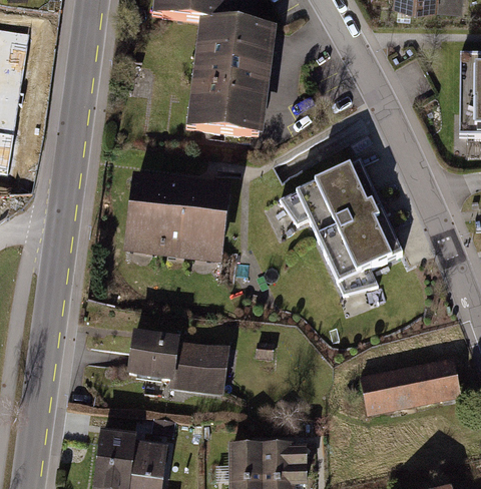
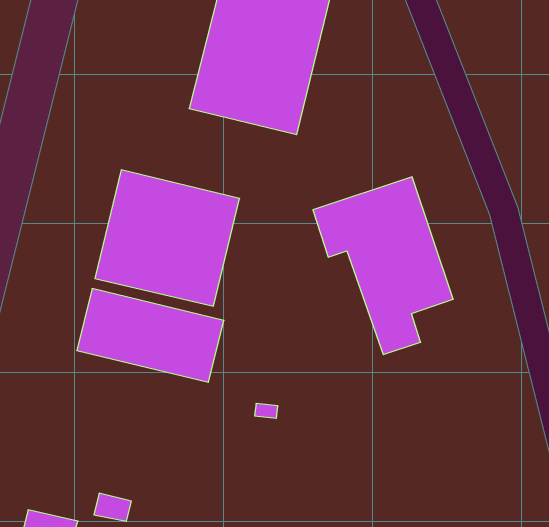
building: [126,333,230,391] -> [77,289,224,382]
building: [359,353,461,411] -> none

